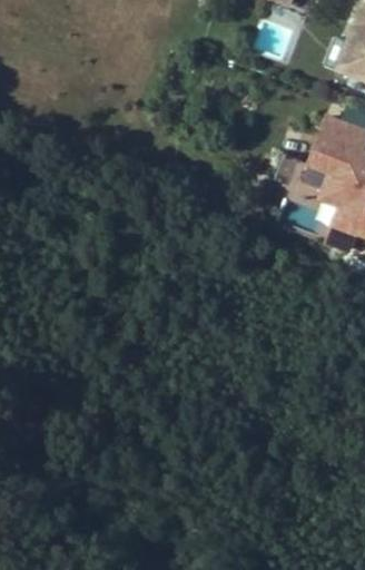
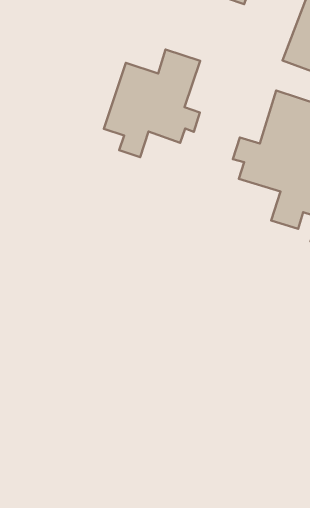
building: none -> [104,49,200,157]

